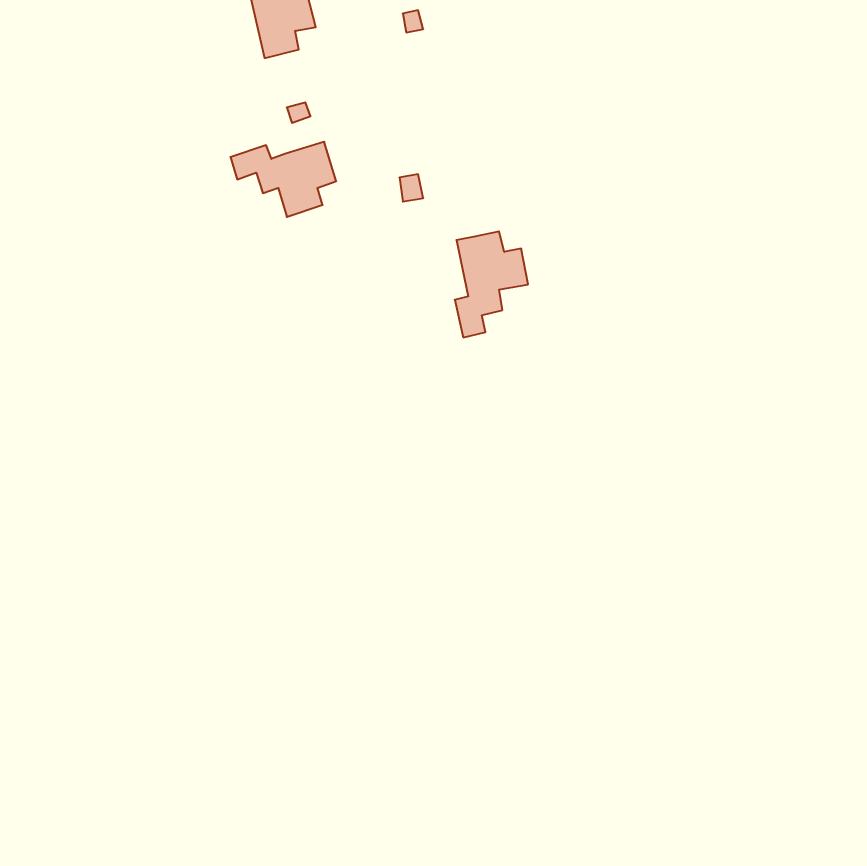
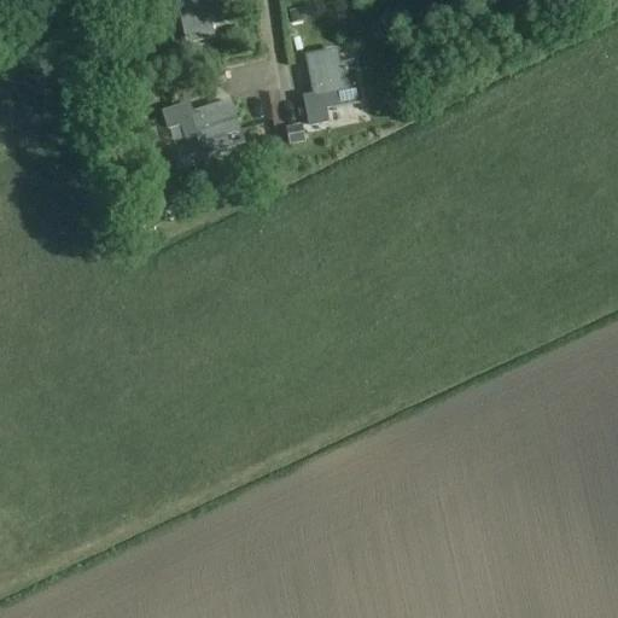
building: [455,231,528,337] -> [304,48,356,123]

